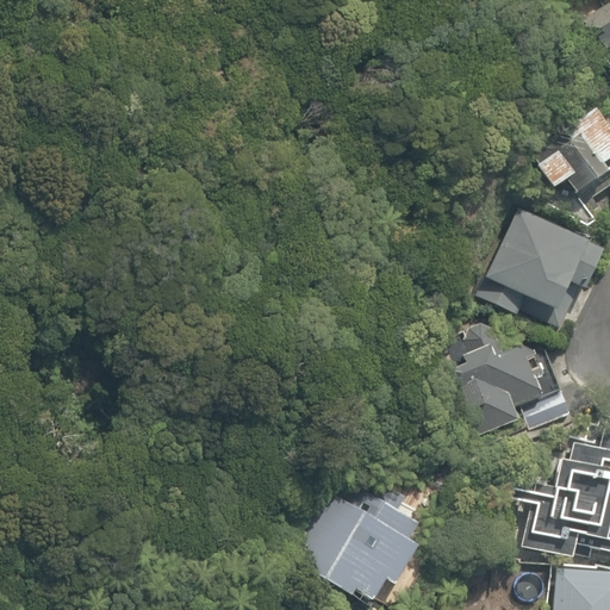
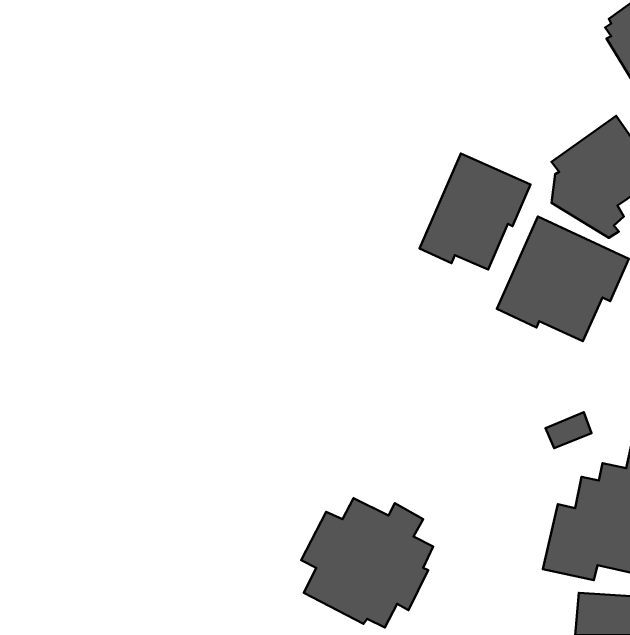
building: none -> [420,153,530,269]
building: [434,323,564,437] -> none

